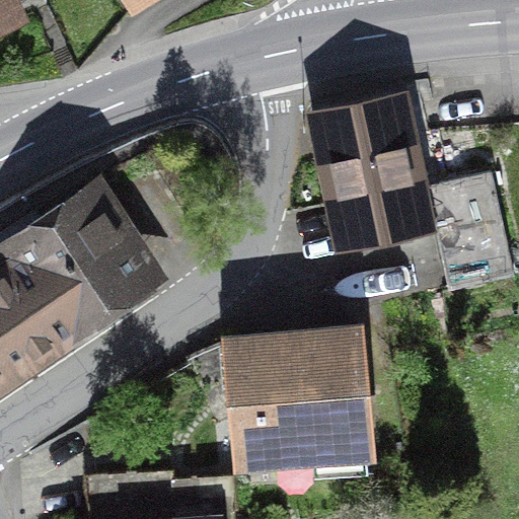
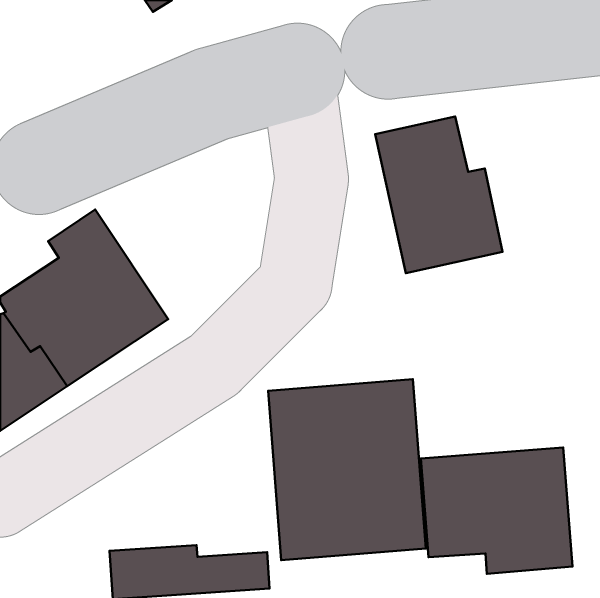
building: [437,173,514,291] -> none
building: none -> [421,448,572,574]

